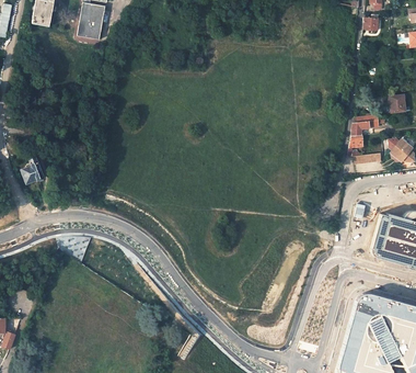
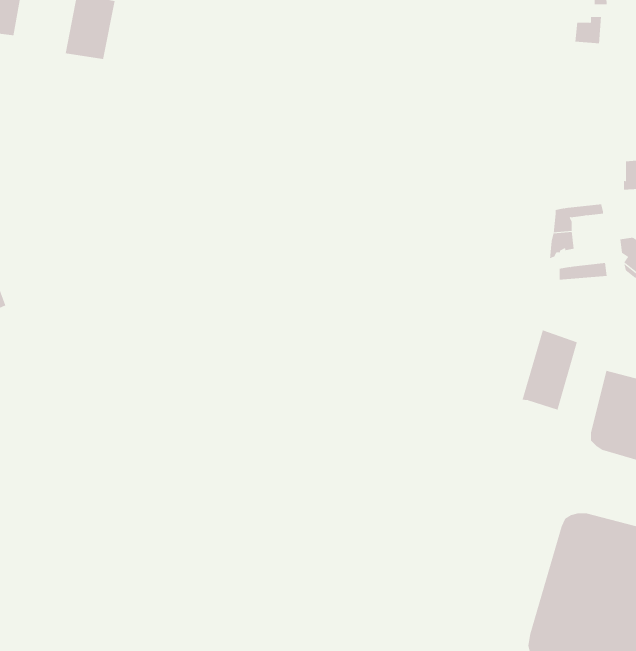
building: none -> [522,329,578,411]

